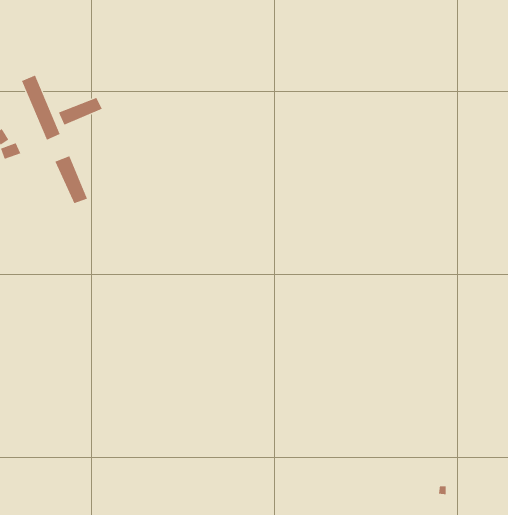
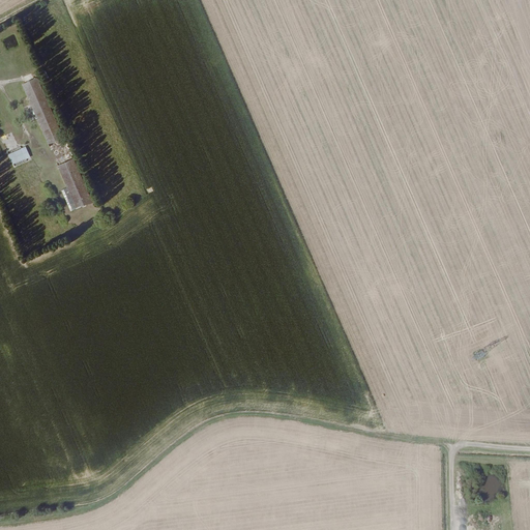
building: [58,97,102,126] -> none

